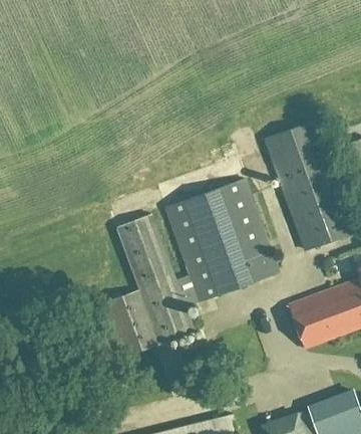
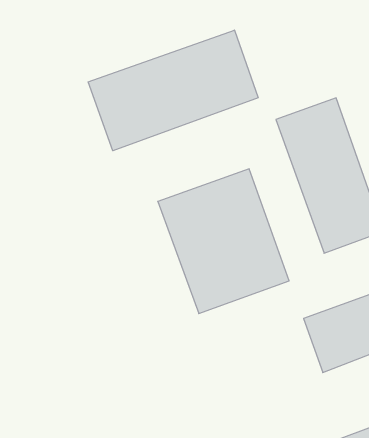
building: none -> [88,30,258,151]
building: [101,213,197,357] -> none

